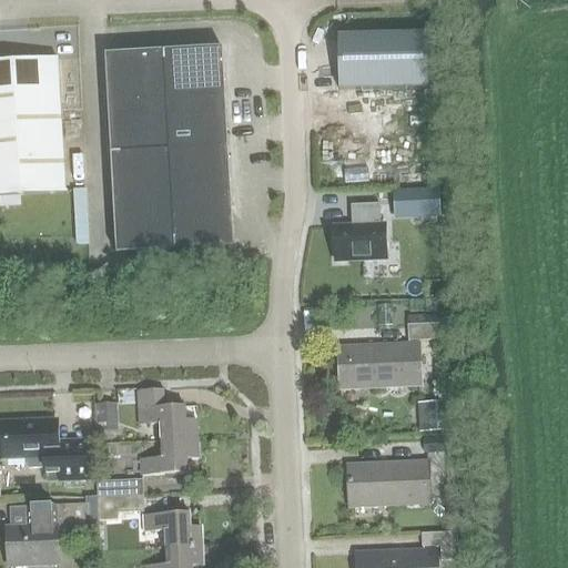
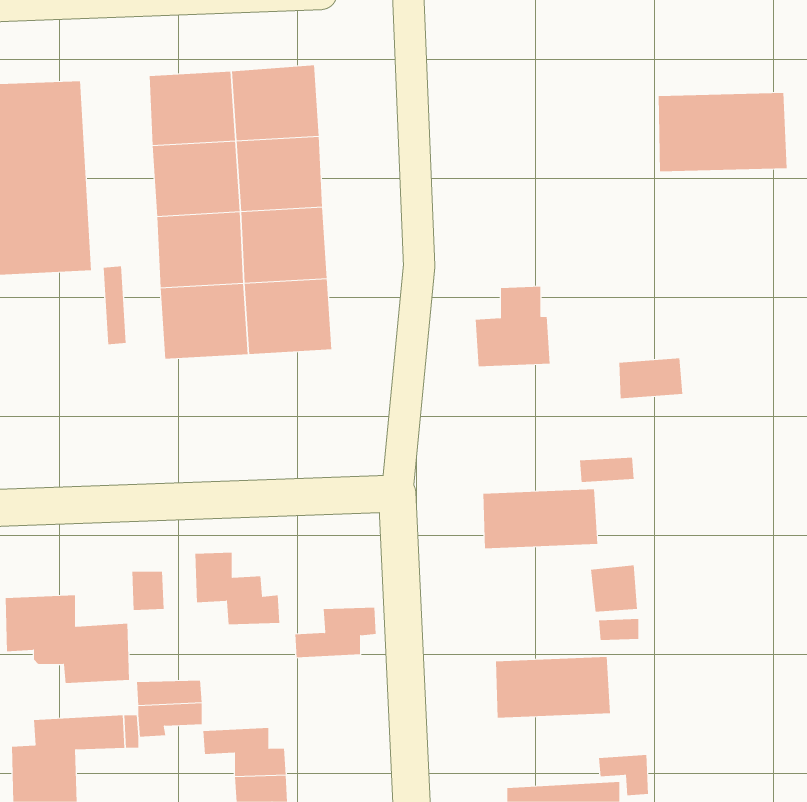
building: [336,32,427,88] -> [658,93,787,172]
building: [392,186,437,215] -> [618,358,683,399]
building: [140,437,197,473] -> [294,607,377,658]

